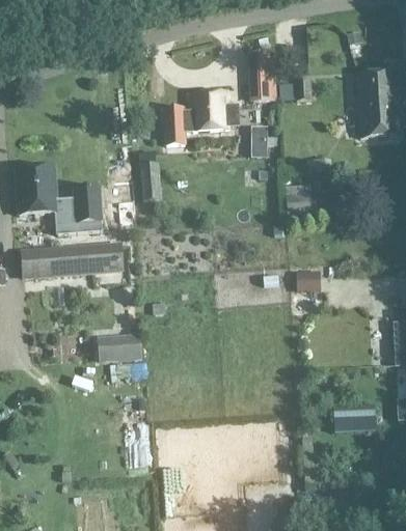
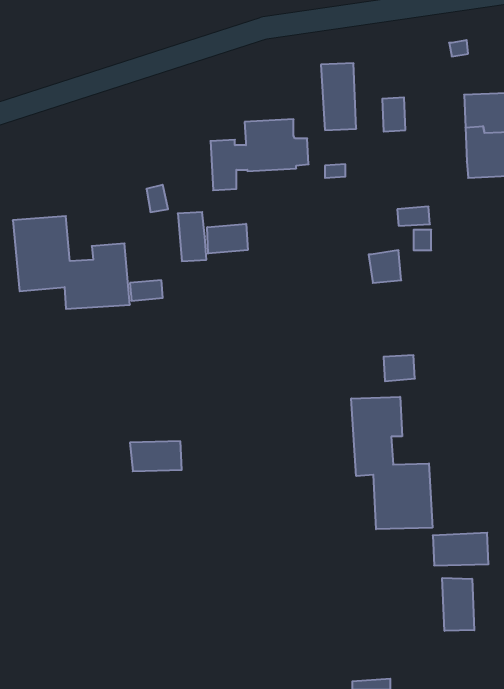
building: none -> [207,224,248,254]
building: [18,243,123,278] -> none
building: none -> [351,397,432,529]
building: none -> [442,578,474,631]

